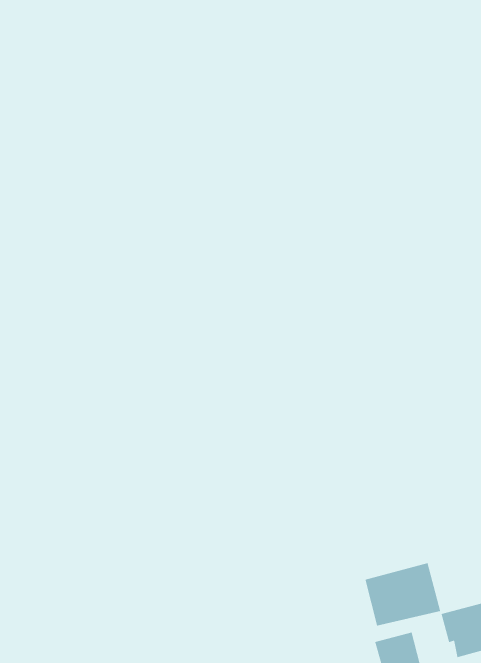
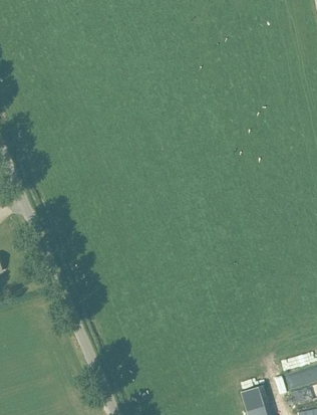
building: [364,562,441,627] -> none

